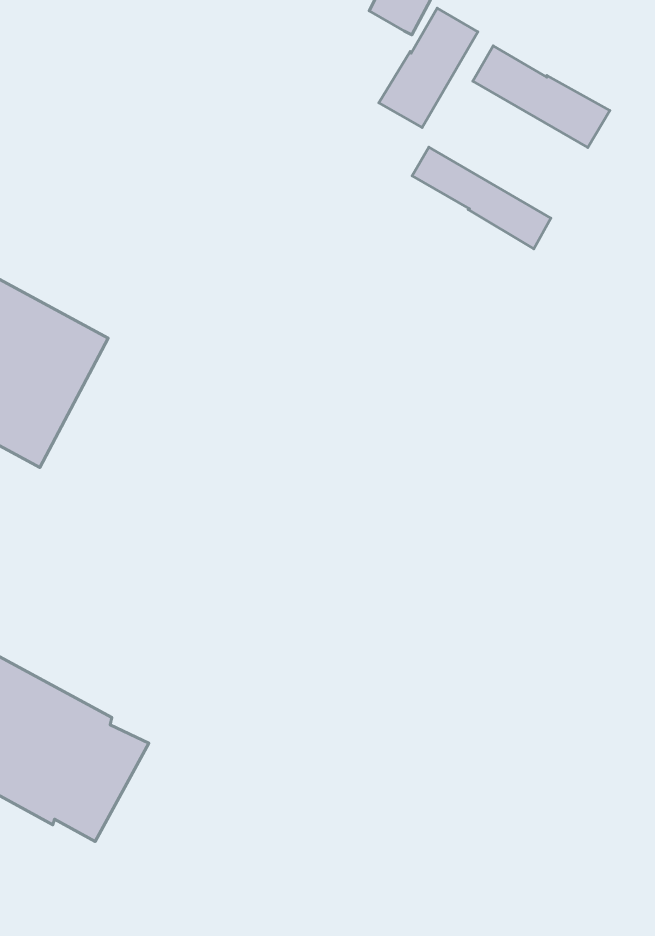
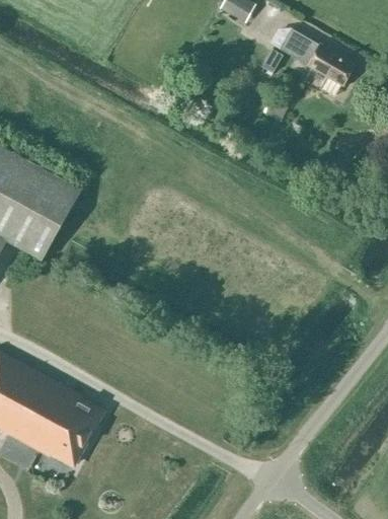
building: [379,8,478,127] -> none
building: [412,147,551,249] -> none

